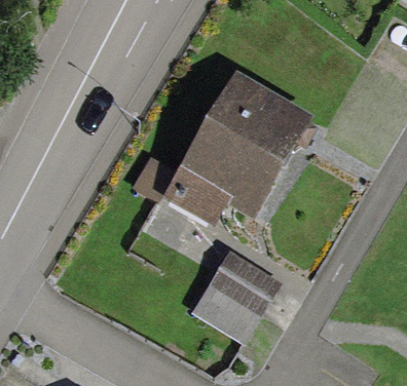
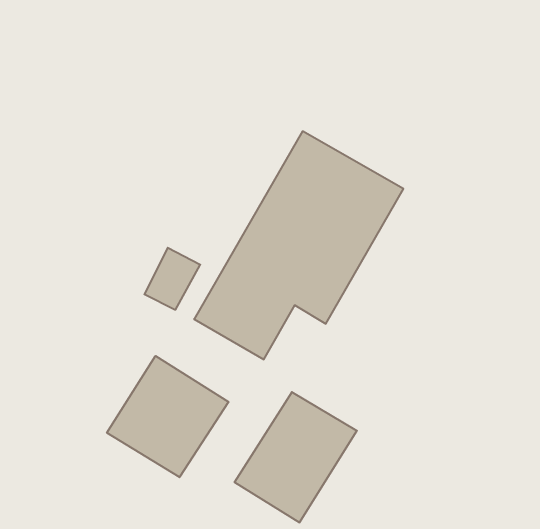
building: none -> [107,356,228,477]

